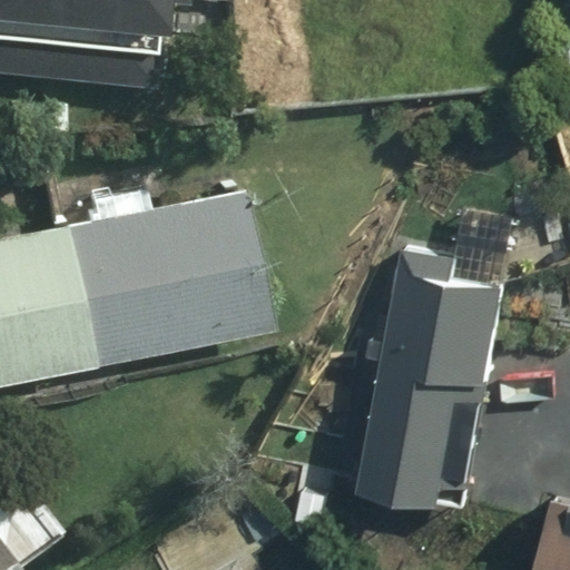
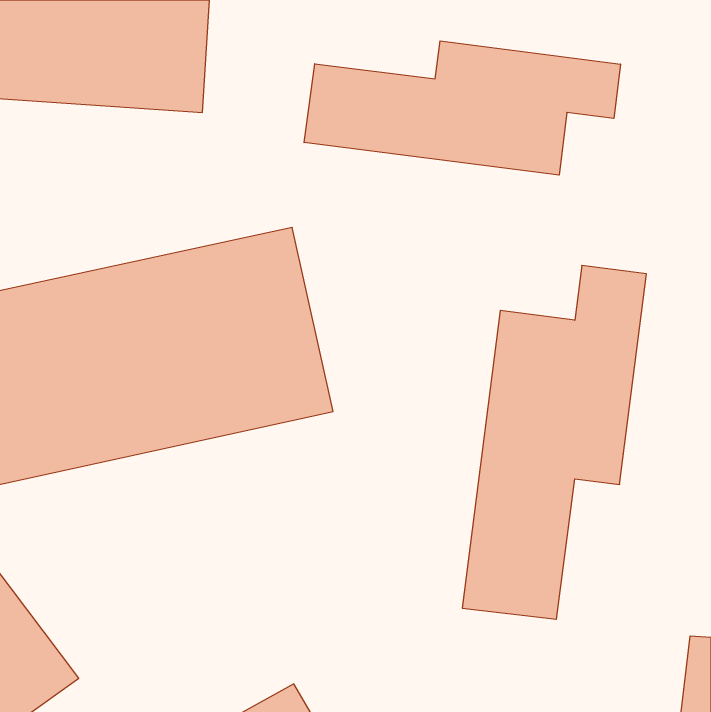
building: none -> [304,41,620,175]

